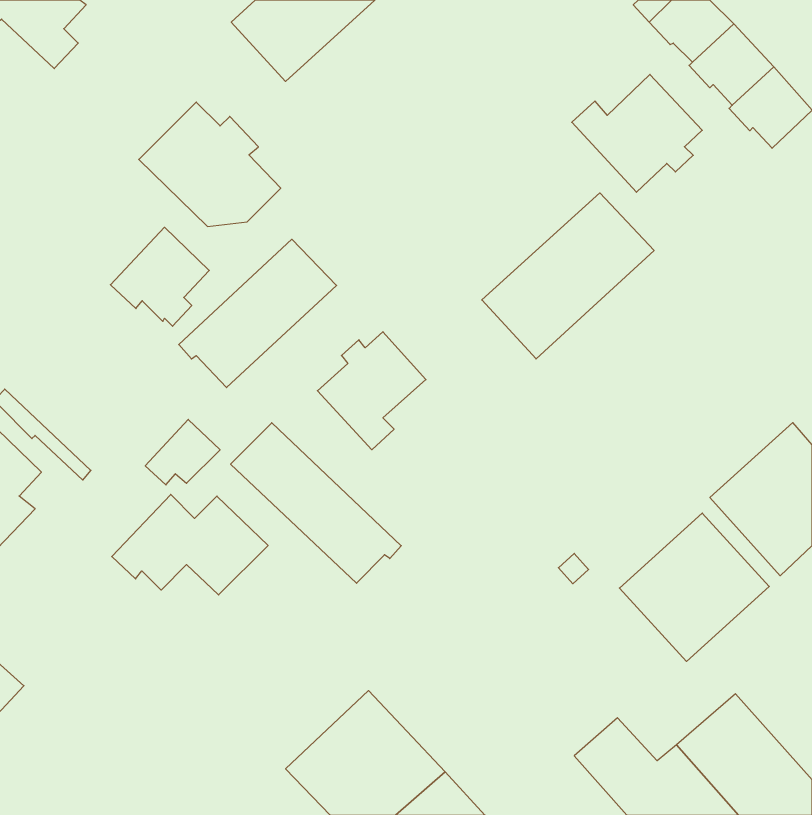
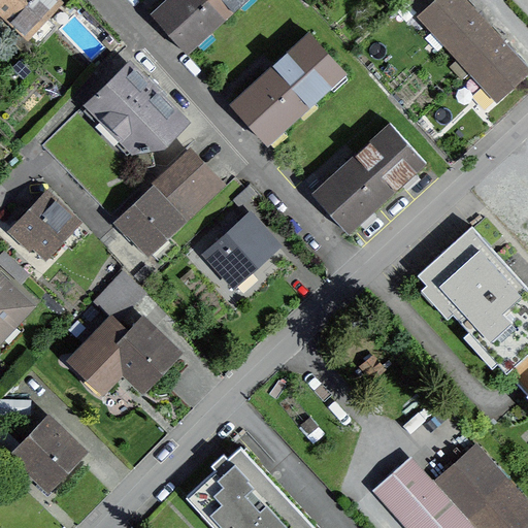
building: none -> [230,34,342,142]
building: [572,74,702,192] -> none
building: [110,227,209,326] -> [10,194,74,258]
building: [231,423,401,583] -> none
building: [619,513,769,661] -> [416,226,513,322]
building: none -> [14,420,78,484]

